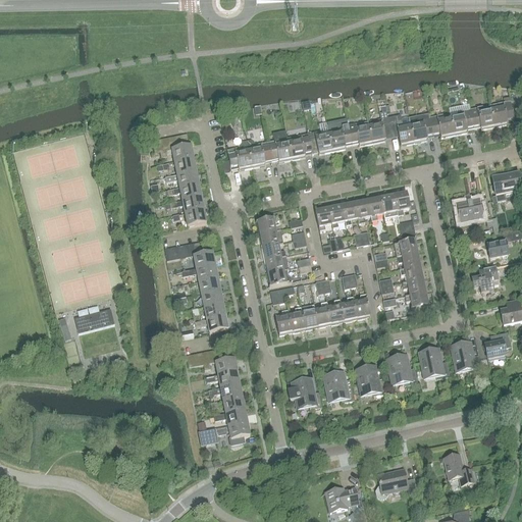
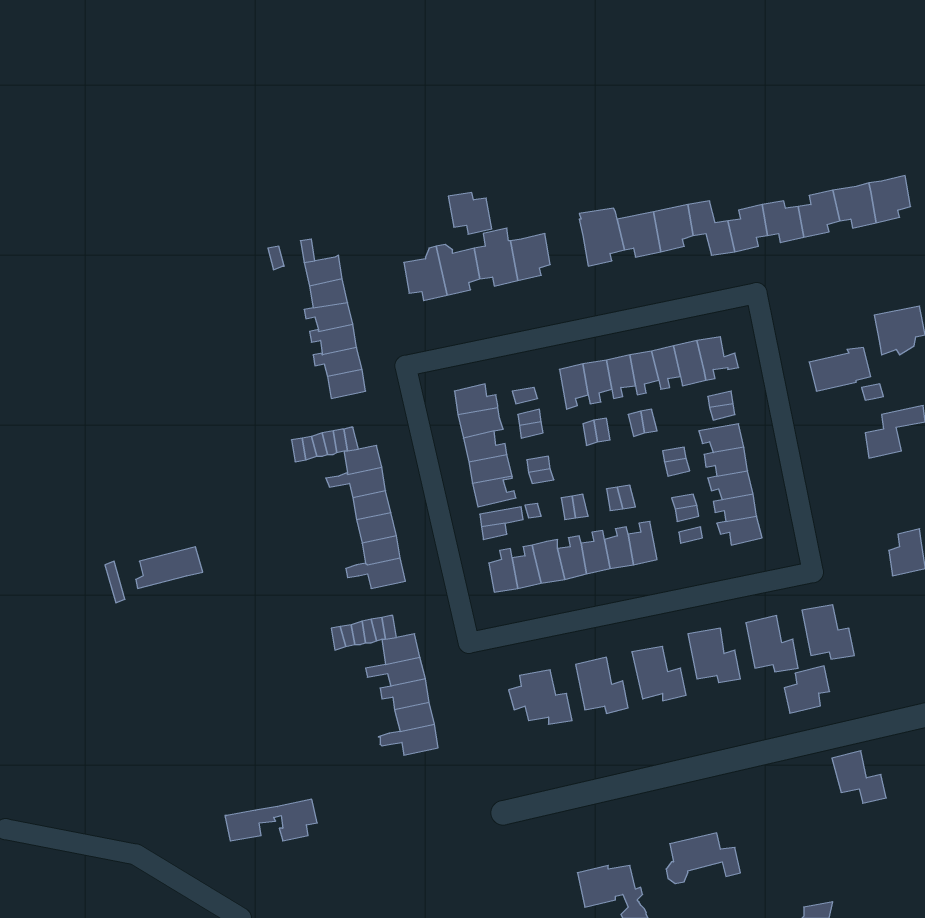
building: [307,129,331,153] -> [448,193,492,234]
building: [471,265,499,292] -> none
building: [484,331,510,358] -> [784,666,830,713]
building: [198,421,250,445] -> [225,799,317,841]
building: [443,455,474,484] -> [832,751,886,803]

